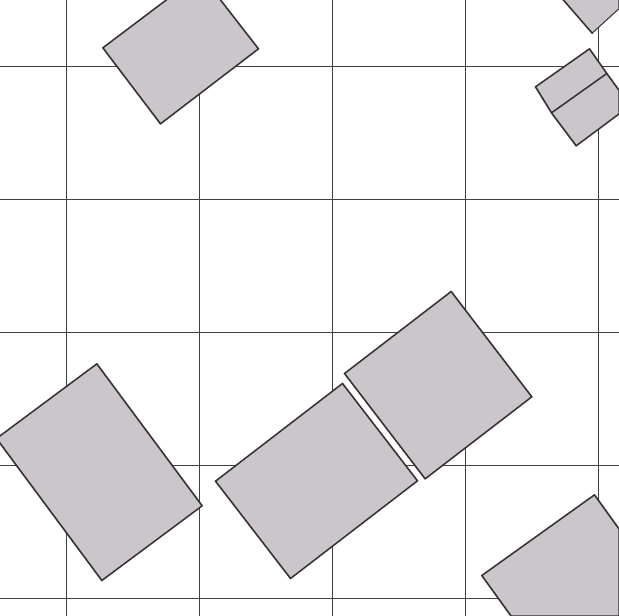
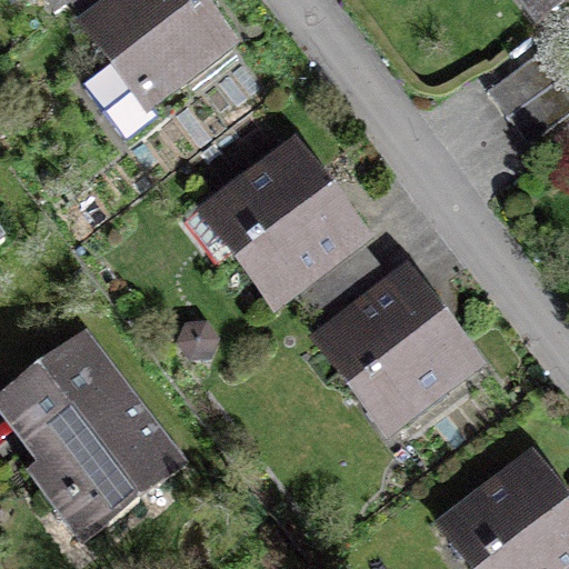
building: none -> [193,133,371,309]
building: [215,384,418,579] -> none

